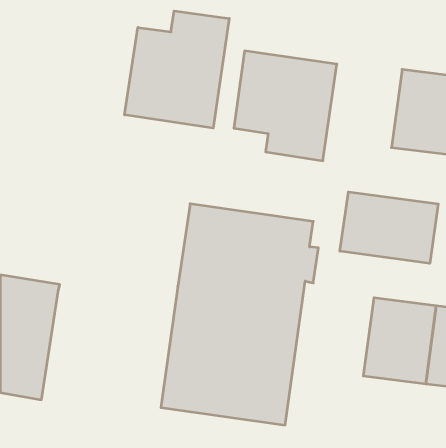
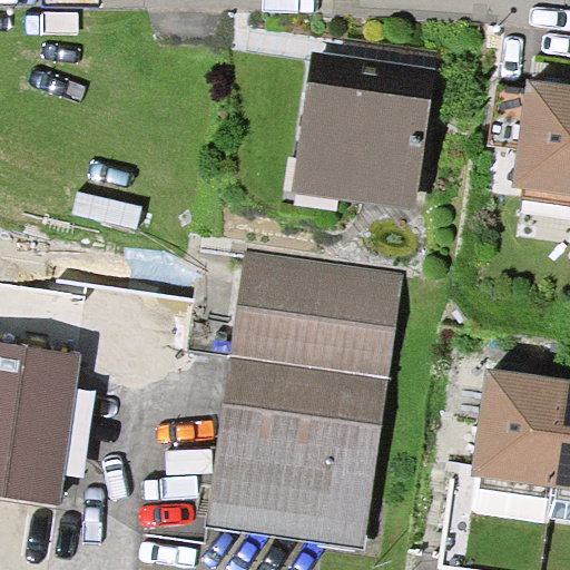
building: [125,11,229,128] -> none
building: [340,192,438,263] -> none

